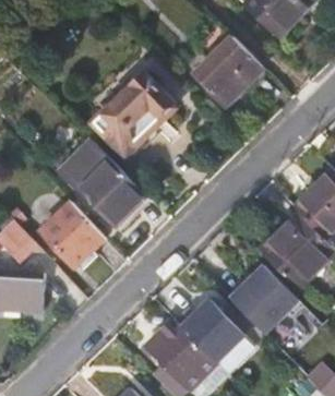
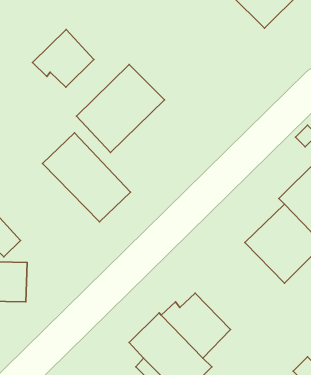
building: [195,37,263,105] -> none
building: none -> [33,30,94,87]
building: [38,202,105,269] -> none
building: [230,264,299,334] -> none

